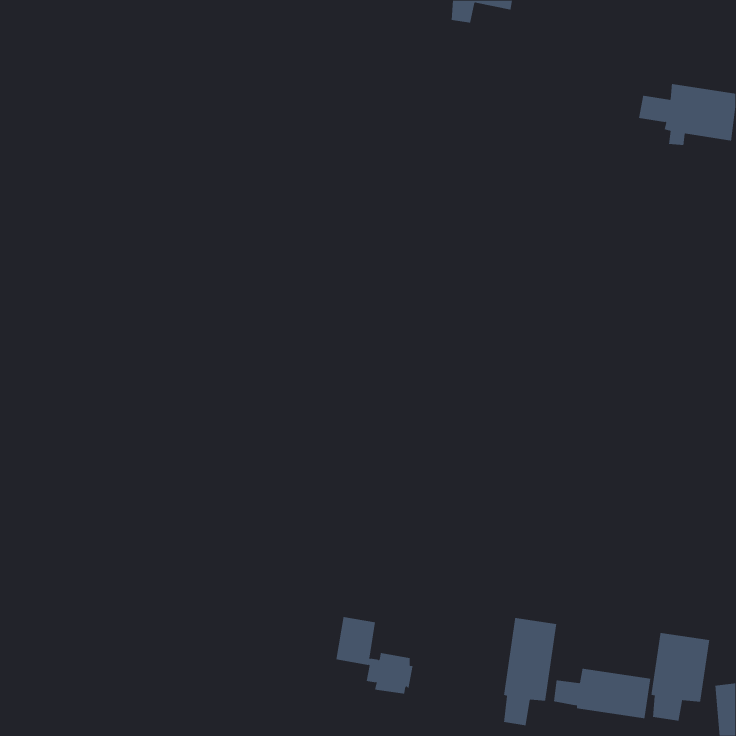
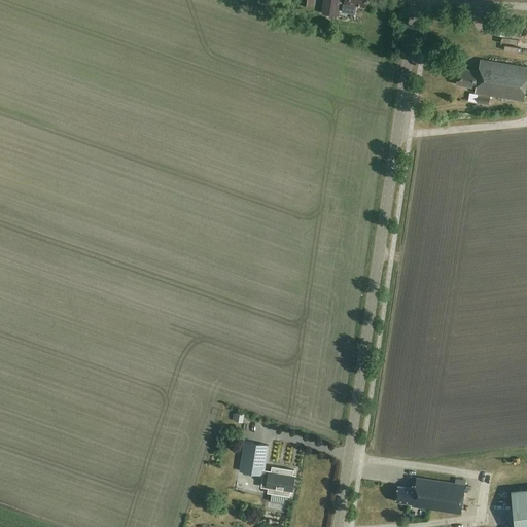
building: [504,617,557,726] -> none
building: [651,632,710,722] -> none

